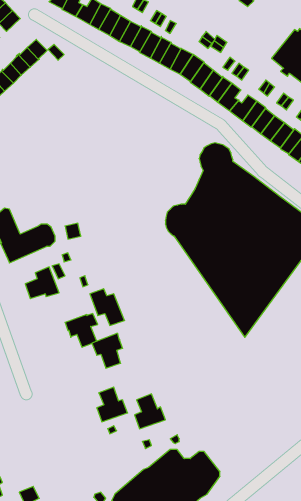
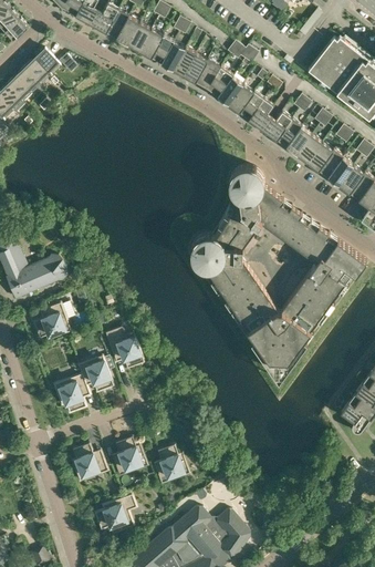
building: [92,333,123,368] -> [53,374,87,413]
building: none -> [72,444,107,482]
building: none -> [94,495,136,533]

